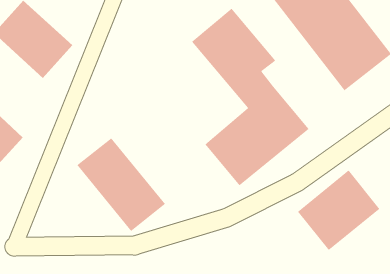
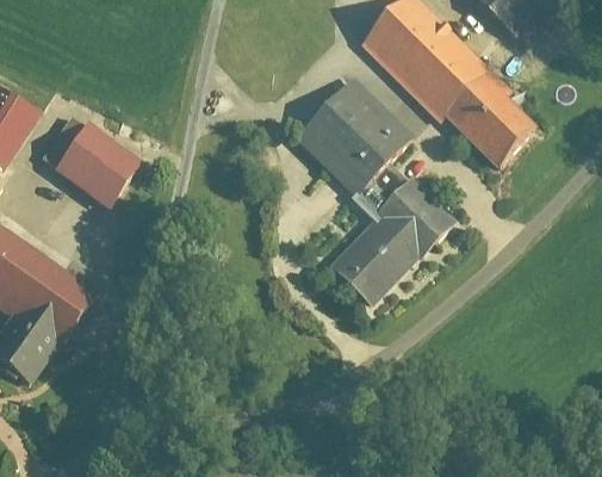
building: [77,137,166,232] -> none
building: [297,170,380,251] -> none

